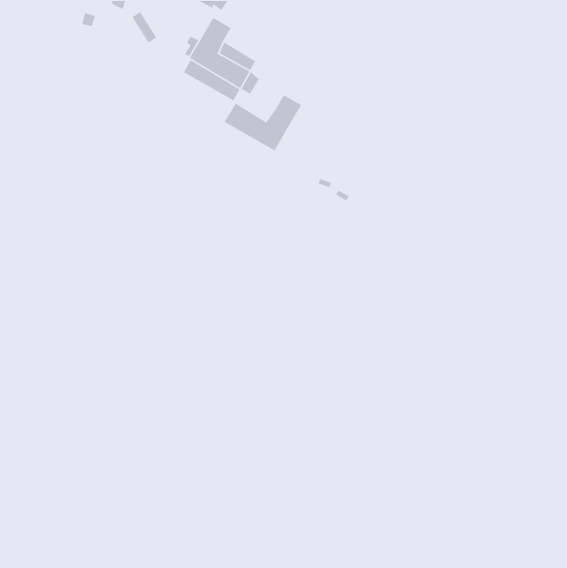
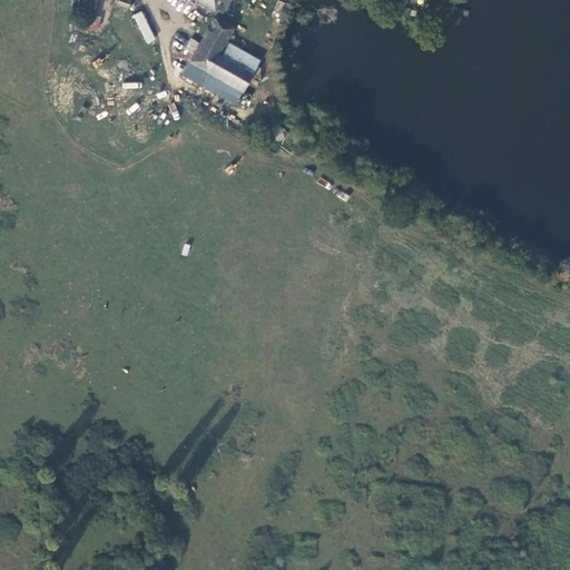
building: [223,94,302,152] -> none

